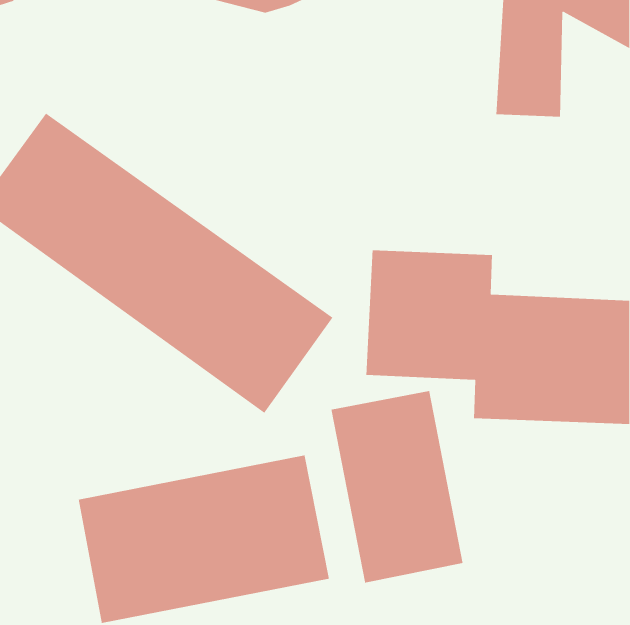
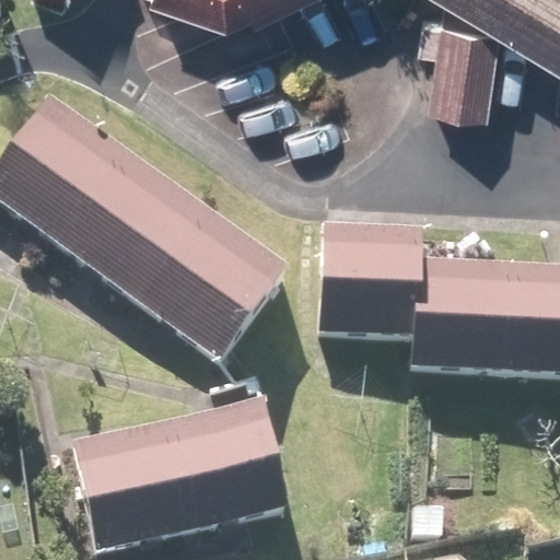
building: [331,390,463,584] -> none

